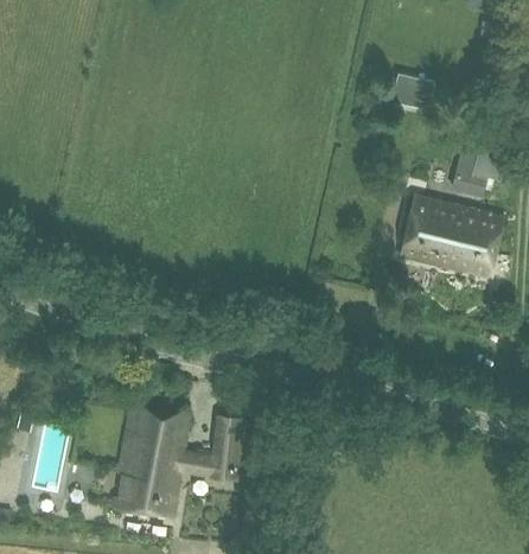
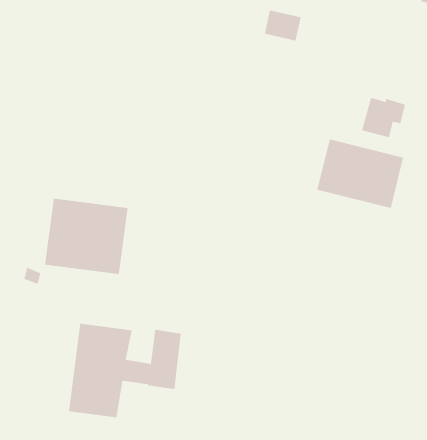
building: [391,70,434,106] -> [264,10,301,41]
building: none -> [45,198,128,275]

